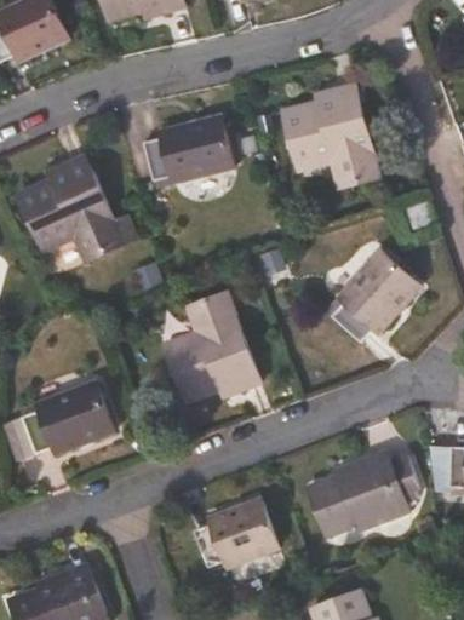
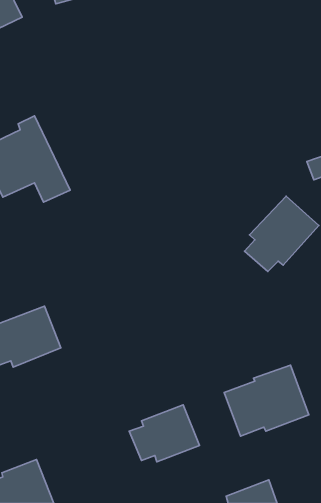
building: [281,85,379,186] -> none
building: [145,116,234,183] -> none
building: [162,293,260,402] -> none

